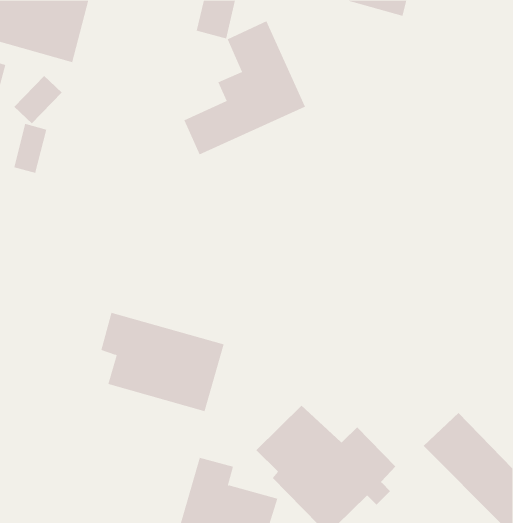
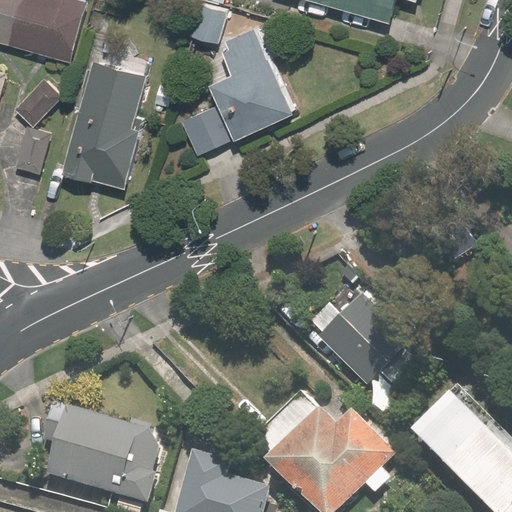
building: none -> [64,53,150,187]
building: none -> [306,301,414,388]
building: [100,312,225,412] -> [43,402,164,499]

